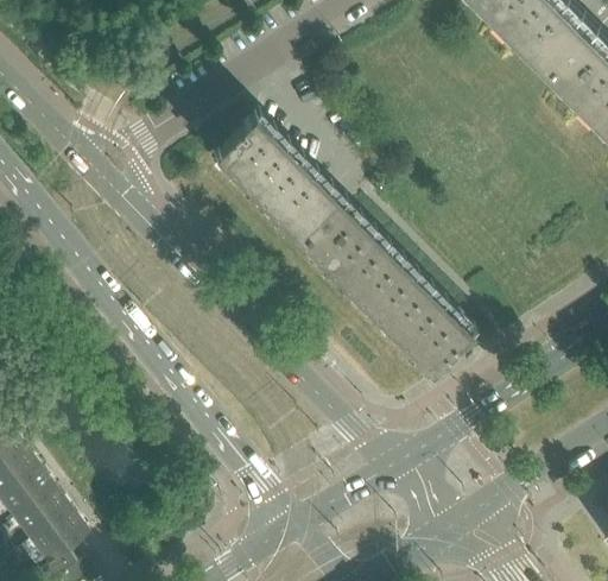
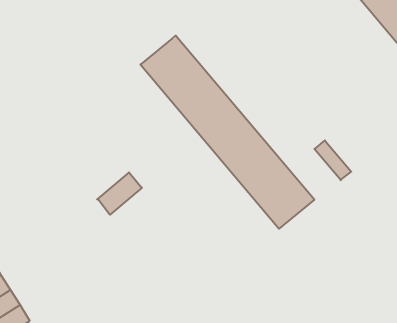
building: none -> [314,140,351,180]
building: none -> [97,172,142,215]

